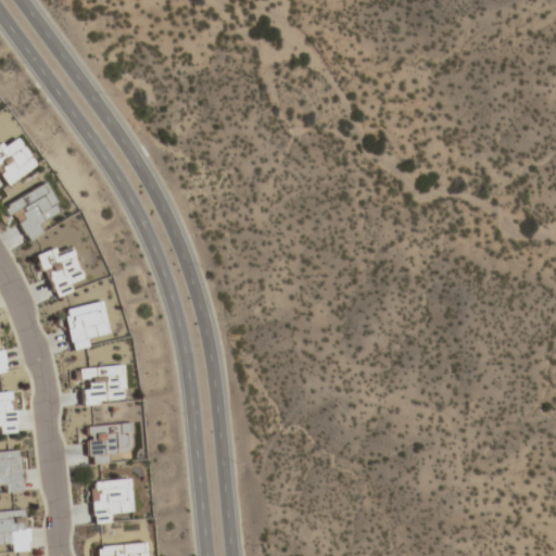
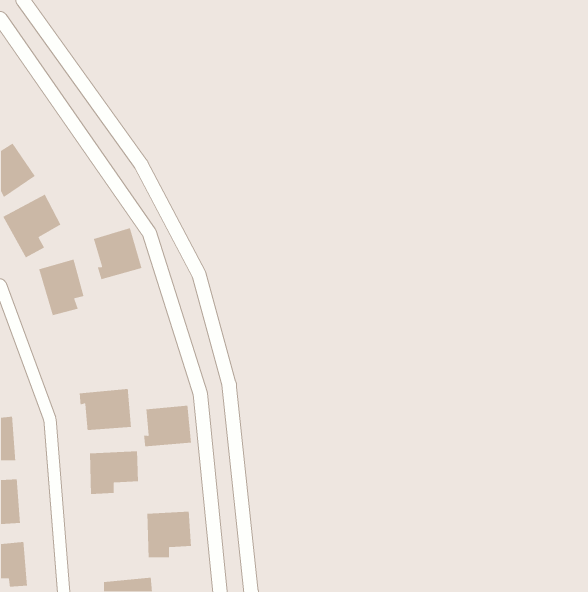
building: none -> [93,227,142,280]
building: [63,301,109,350] -> none
building: none -> [143,405,192,447]
building: [91,478,134,522] -> [147,511,192,558]

